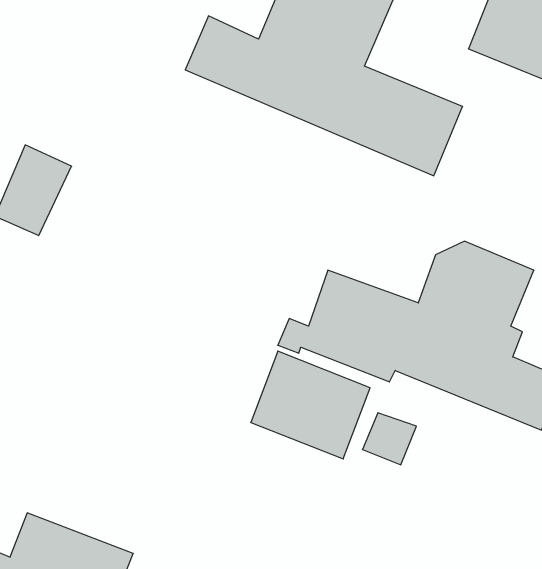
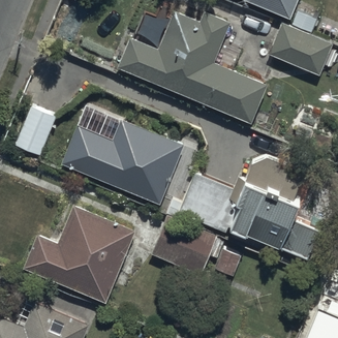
building: none -> [62,120,182,204]
building: none -> [24,206,136,302]

